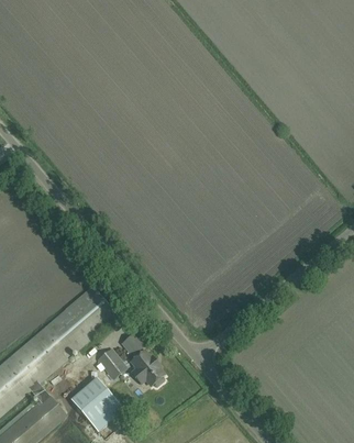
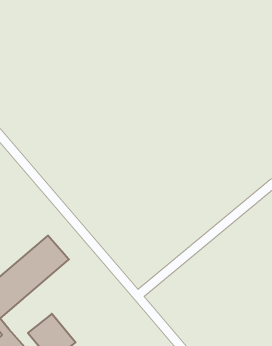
building: [121,329,164,386] -> none
building: [97,347,126,379] -> none

